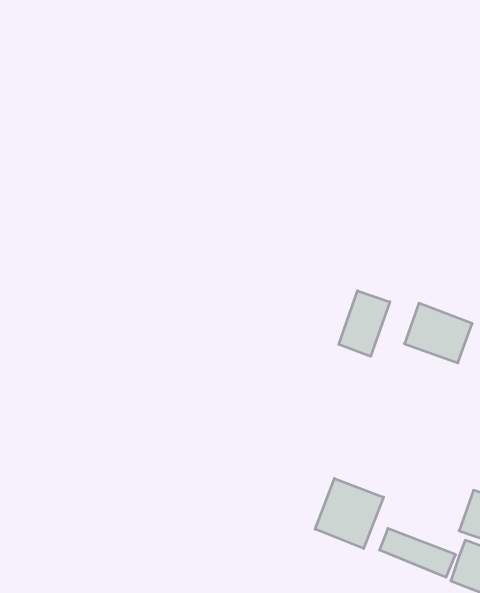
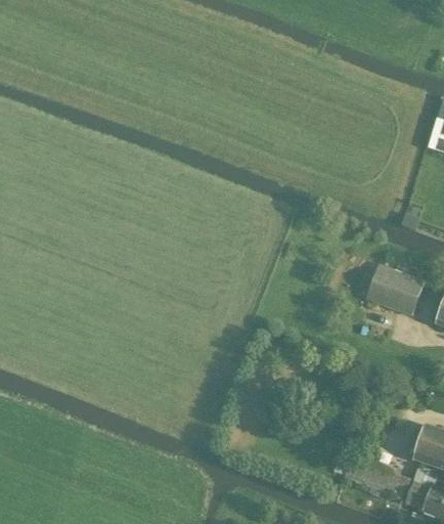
building: [339,291,390,356] -> none
building: [315,478,384,549] -> none

